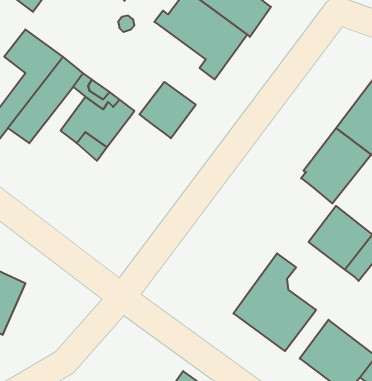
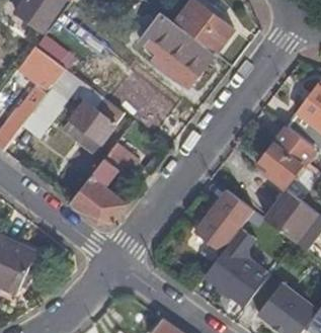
building: none -> [70,141,138,223]
building: none -> [192,190,251,254]

